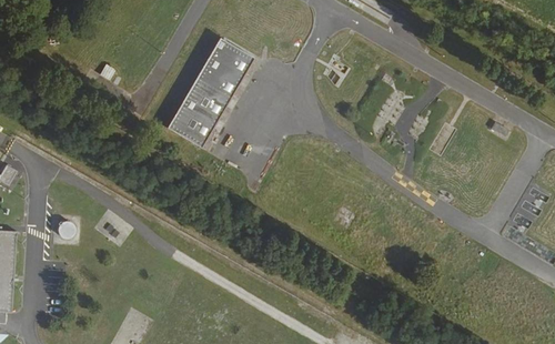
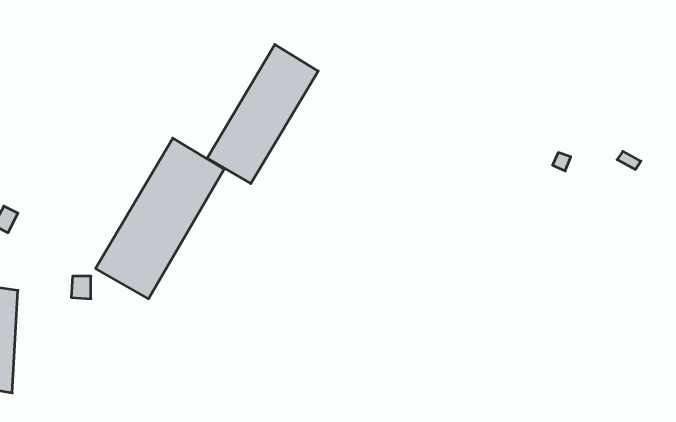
building: none -> [96,138,224,299]

